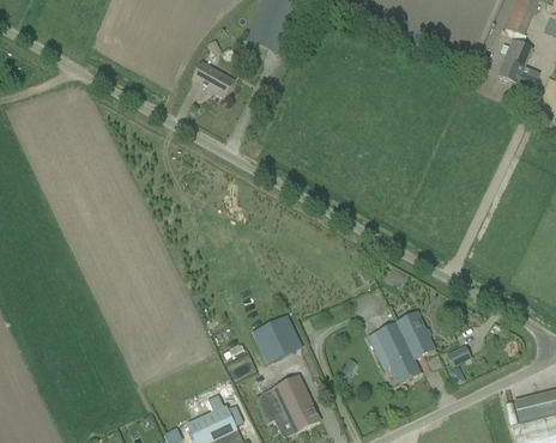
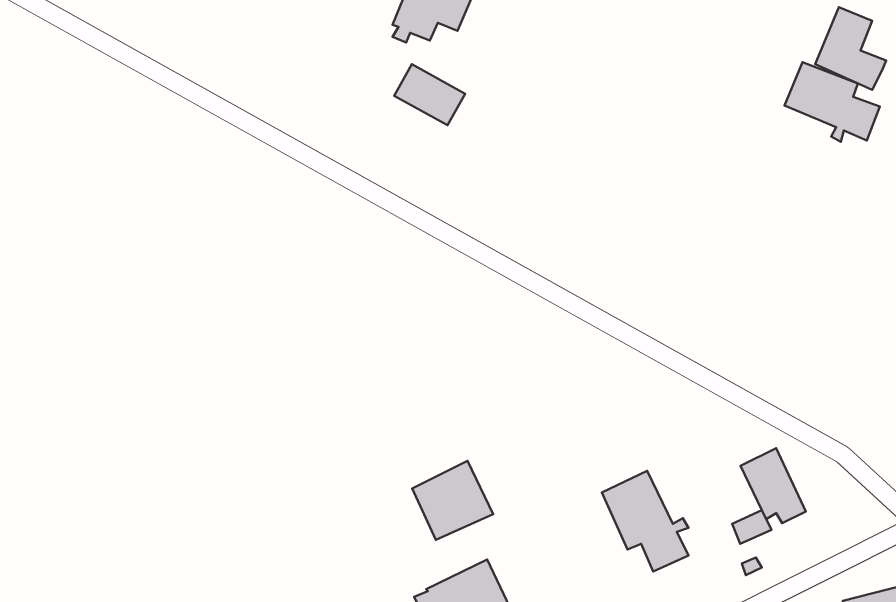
building: [192,61,235,98] -> [394,64,465,125]
building: none -> [785,62,880,142]
building: [395,310,435,356] -> [741,448,806,523]

